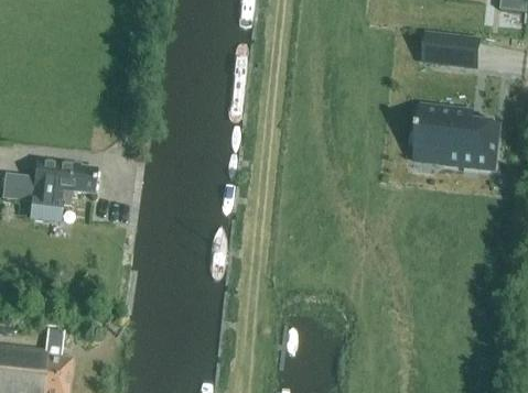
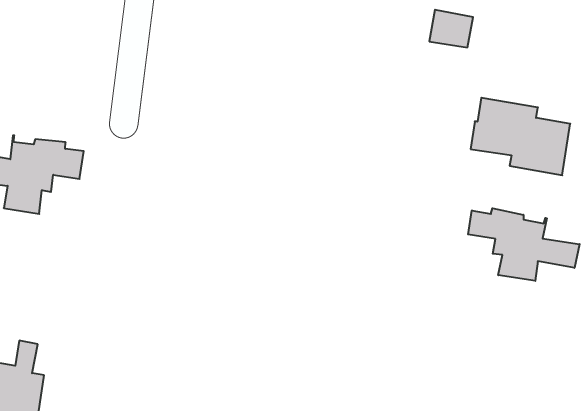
building: [422,34,457,64] -> [429,10,473,47]
building: none -> [468,208,580,281]

